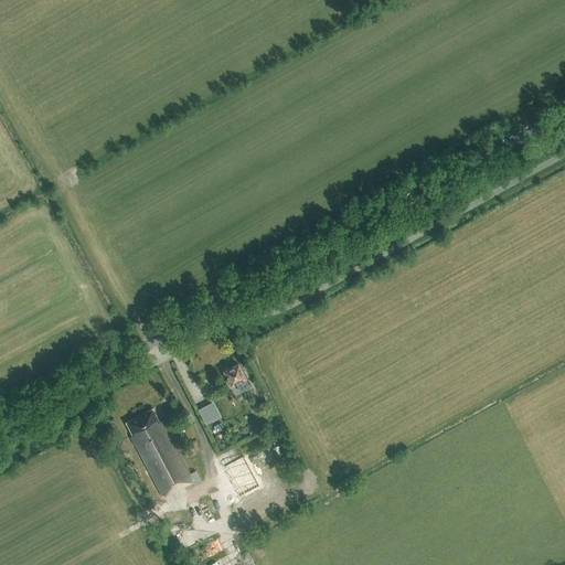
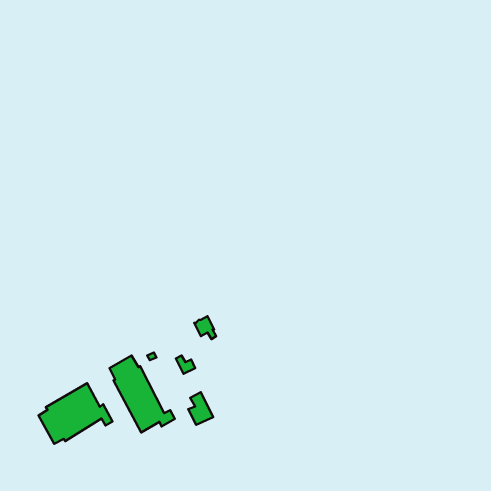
building: none -> [39,383,113,444]

